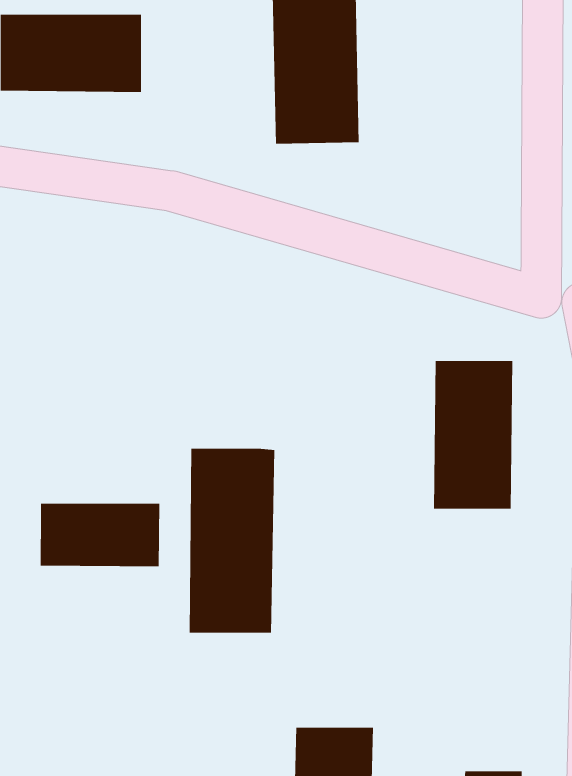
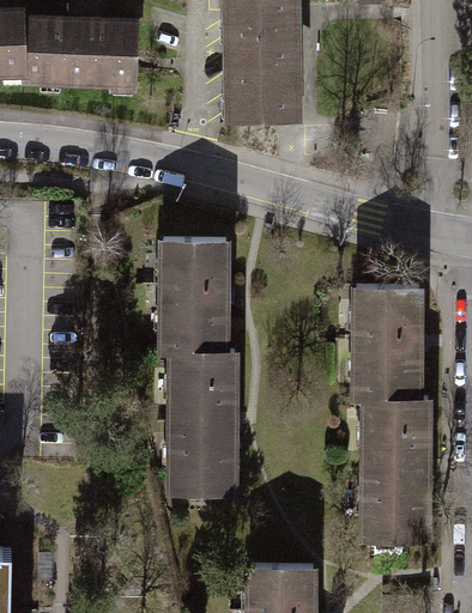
building: none -> [162,241,223,354]
building: [40,503,160,567] -> none
building: none -> [362,401,428,541]

